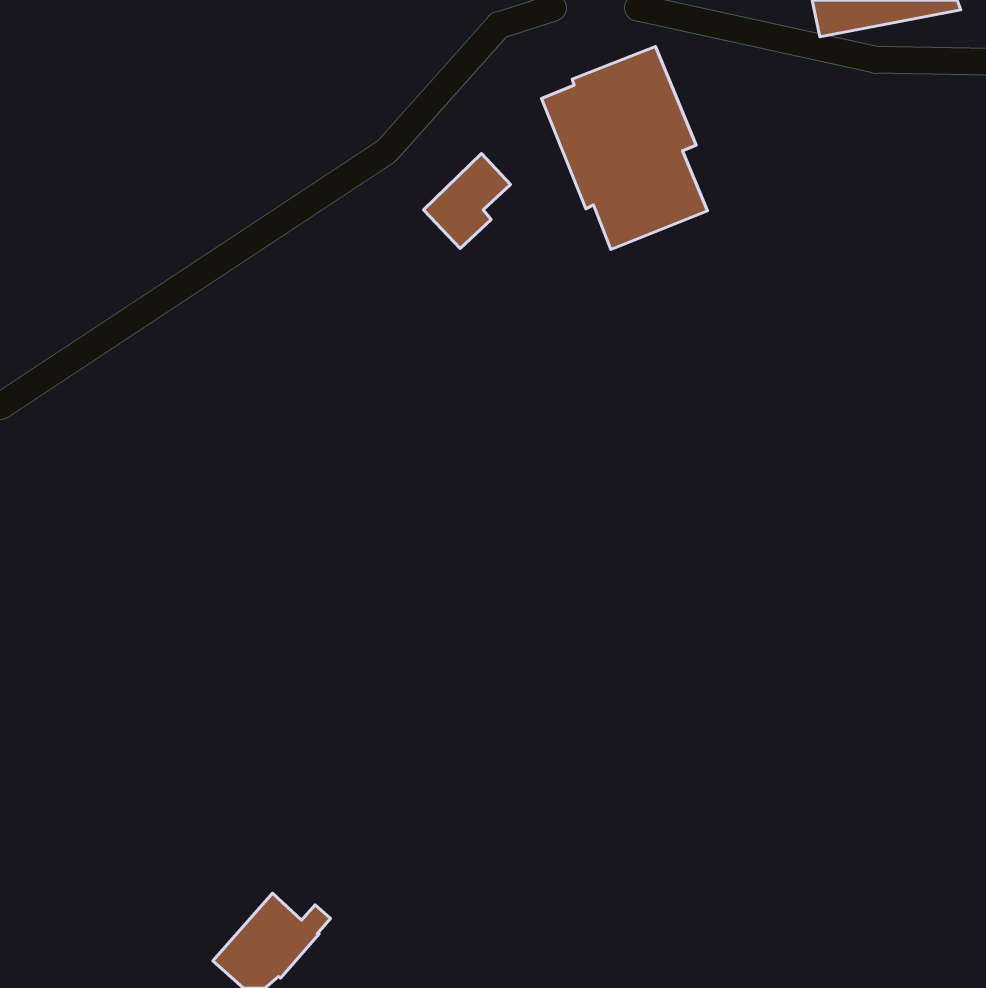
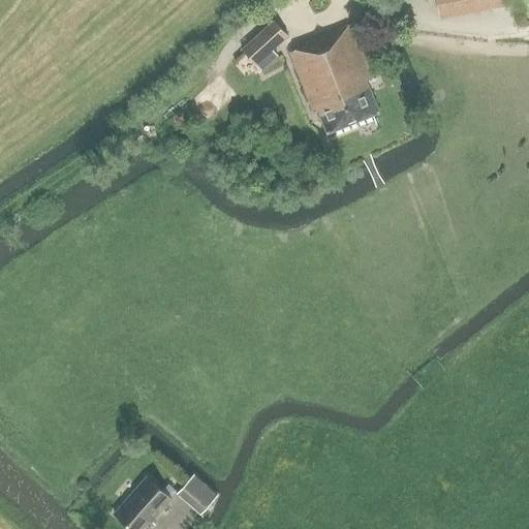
building: [423,154,510,248] -> [242,21,288,71]
building: none -> [178,475,217,515]

